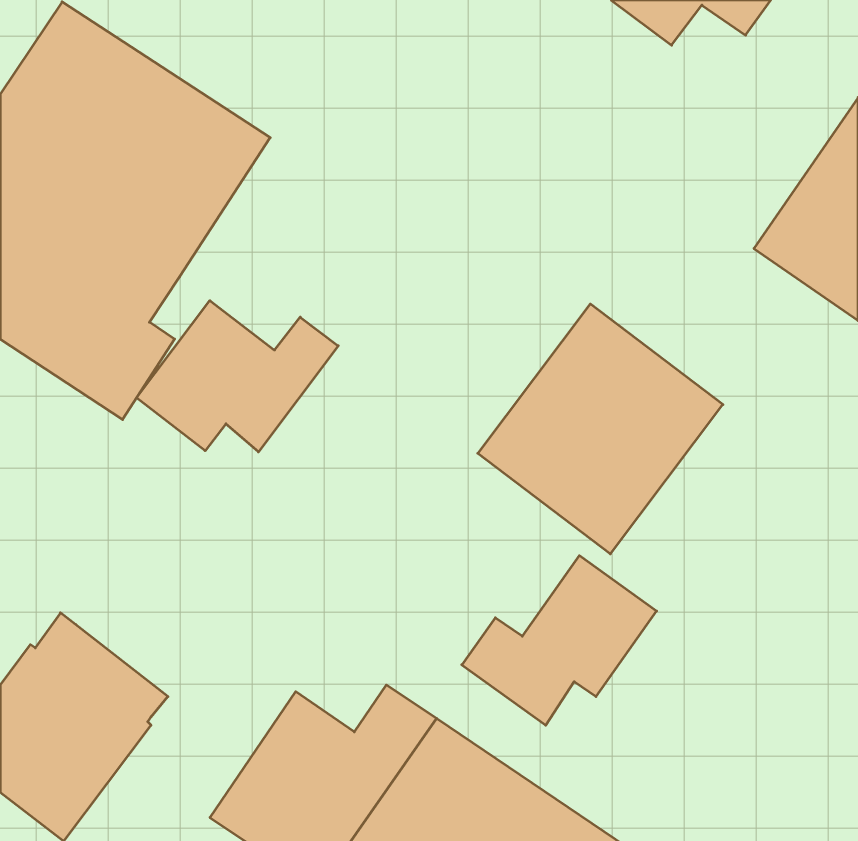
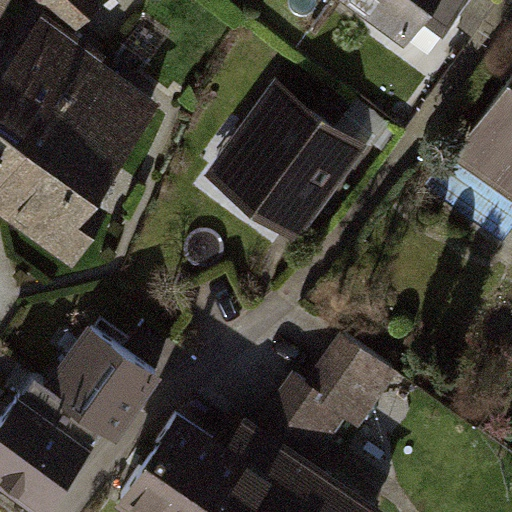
building: [137,301,338,452] -> none
building: [478,304,723,554] -> [215,101,361,250]
building: none -> [45,324,160,436]

